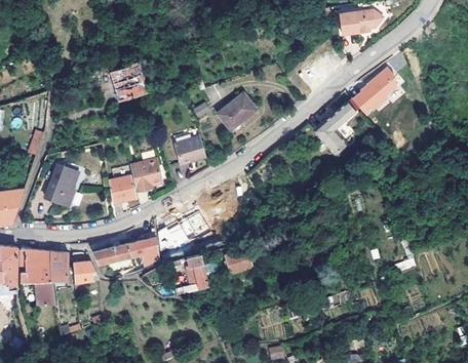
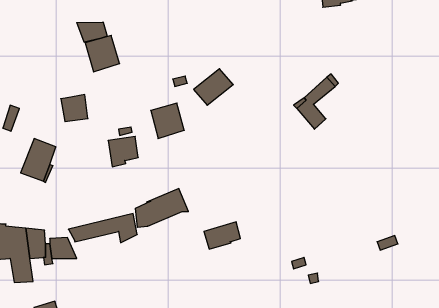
building: none -> [77,22,107,42]
building: [351,68,396,117] -> none
building: [108,175,134,202] -> [61,95,88,122]
building: [186,254,209,293] -> none

